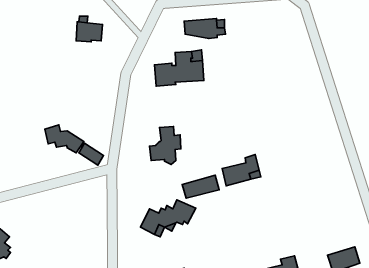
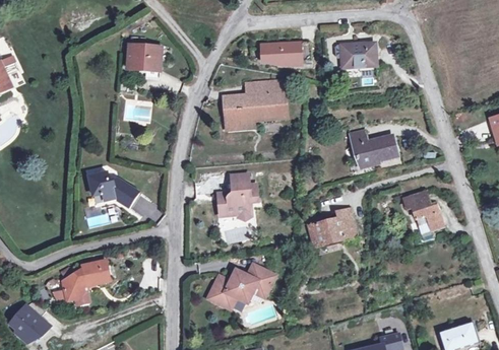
building: none -> [339,42,376,67]
building: none -> [349,130,396,167]
building: none -> [402,192,441,229]
building: [182,175,219,198] -> none
building: none -> [62,259,109,303]

